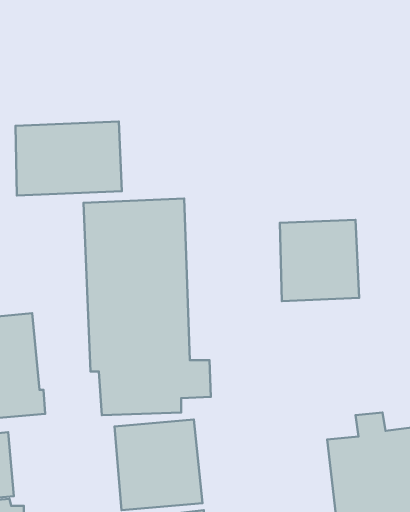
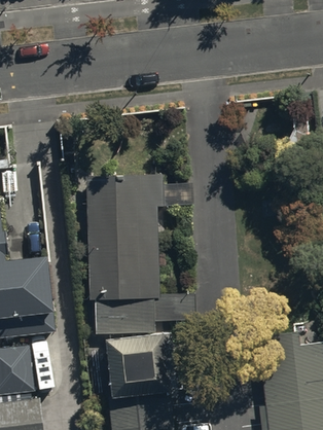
building: [15,121,122,196] -> none
building: [280,220,359,301] -> none

